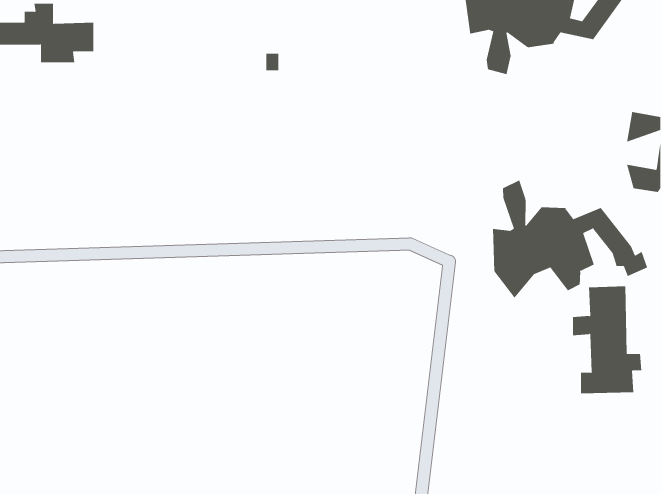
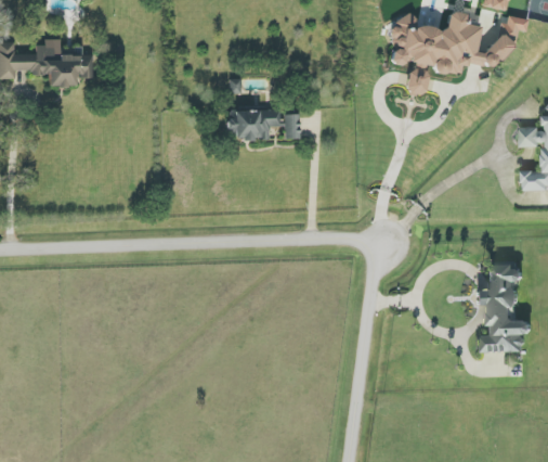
building: none -> [226,108,299,139]
building: [493,179,648,299] -> none

